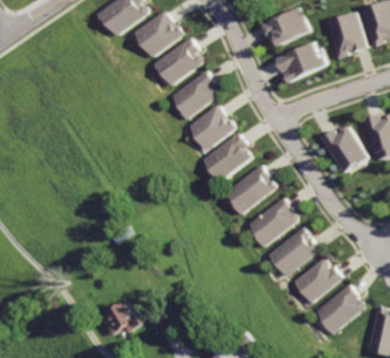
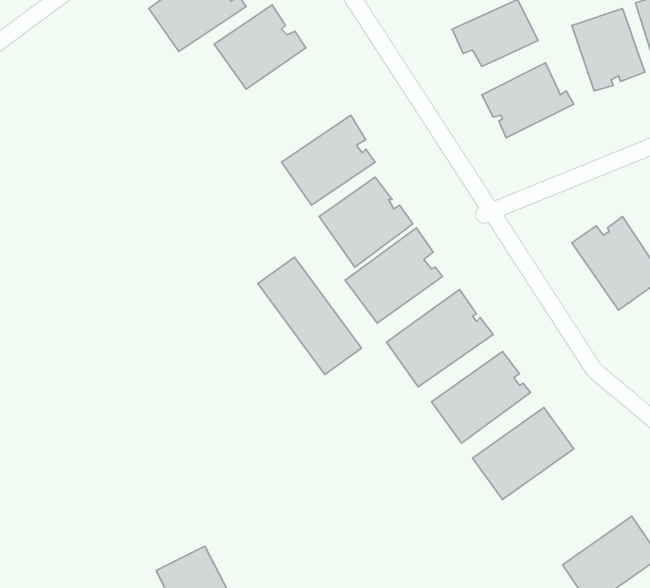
building: [150,37,199,84] -> none
building: none -> [258,257,362,374]
building: [295,256,347,304] -> none

